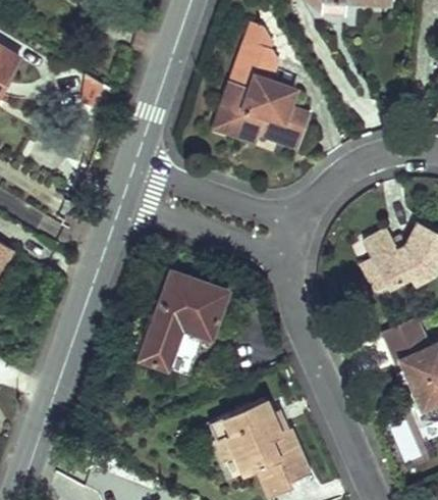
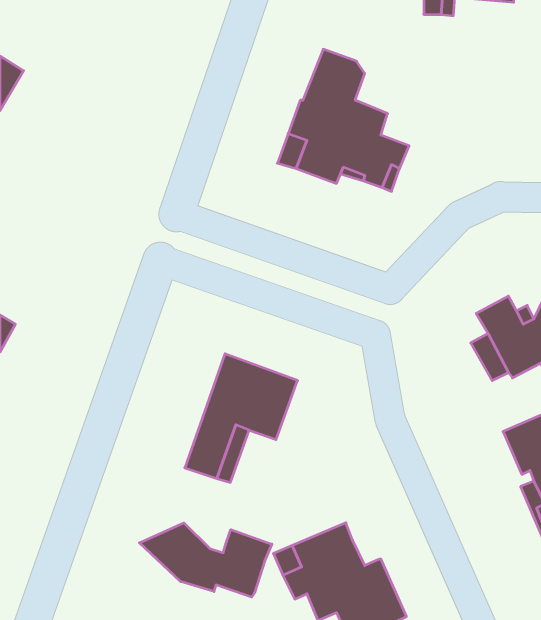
building: none -> [139,523,272,597]

